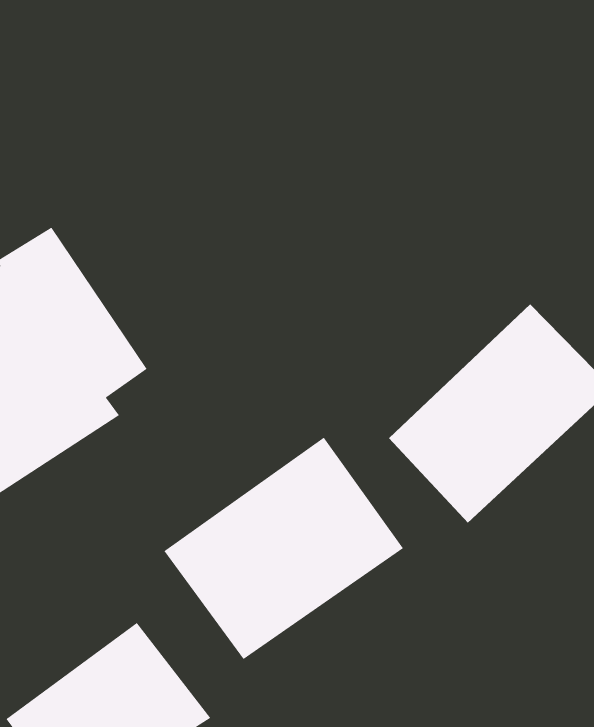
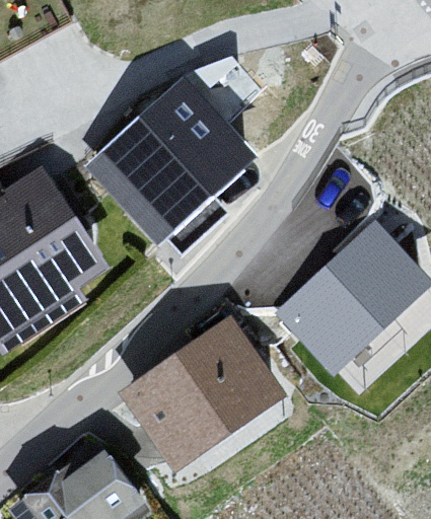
building: none -> [86,77,256,246]

